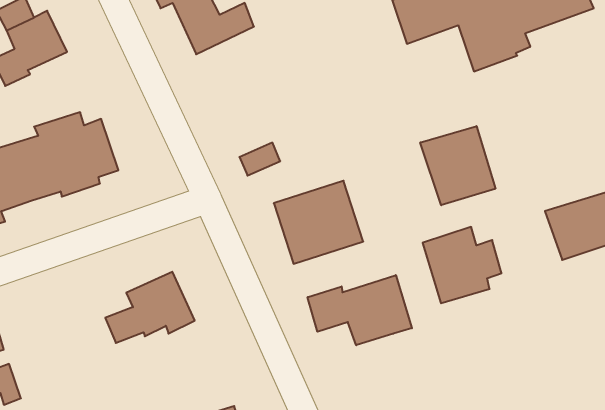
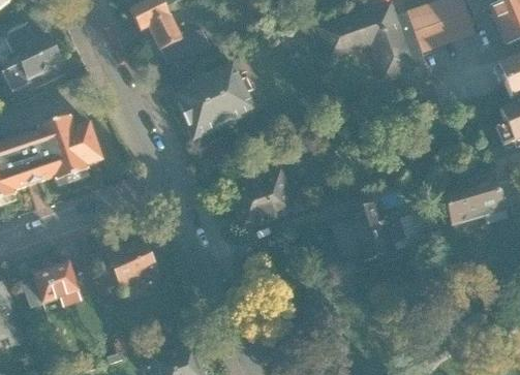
building: none -> [166,63,255,145]
building: [420,126,495,205] -> none
building: [308,275,412,345] -> none
building: none -> [24,262,82,311]

